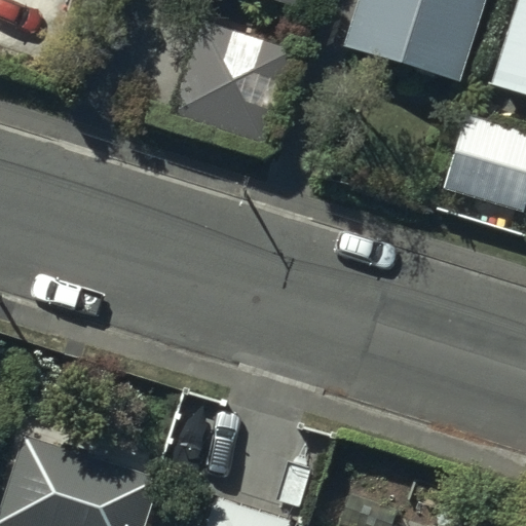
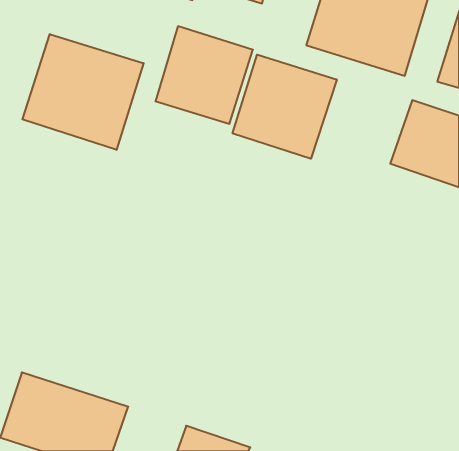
building: none -> [22,34,144,150]
building: none -> [233,55,337,159]

